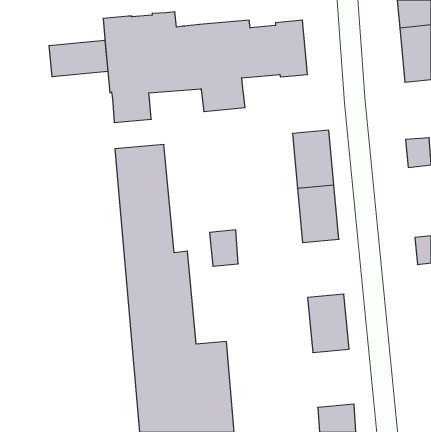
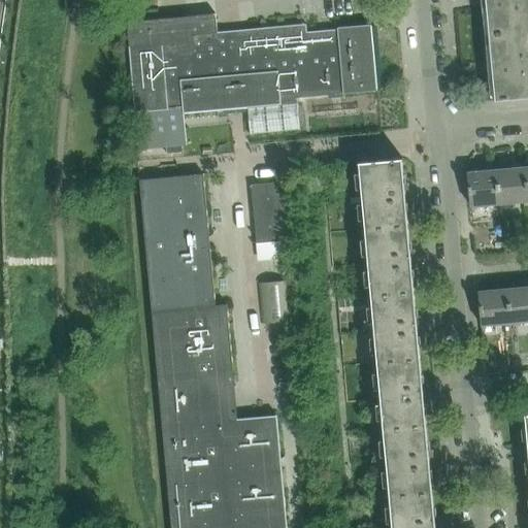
building: [49,40,108,77] -> none
building: none -> [466,170,498,207]
building: none -> [250,183,286,243]
building: none -> [476,290,509,326]
building: none -> [369,292,420,363]
building: none -> [382,426,432,497]

